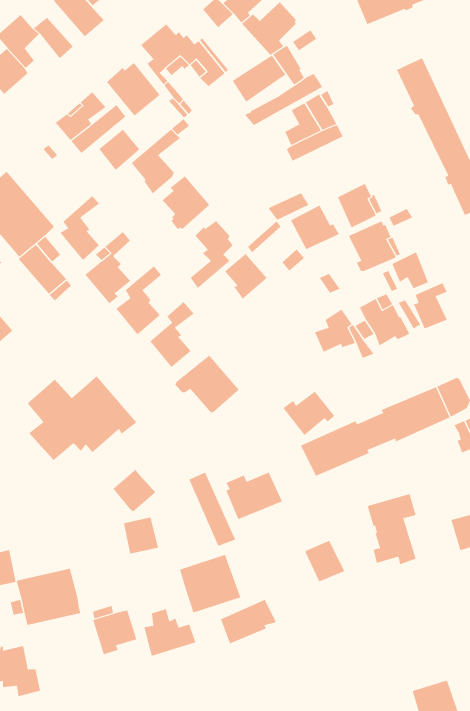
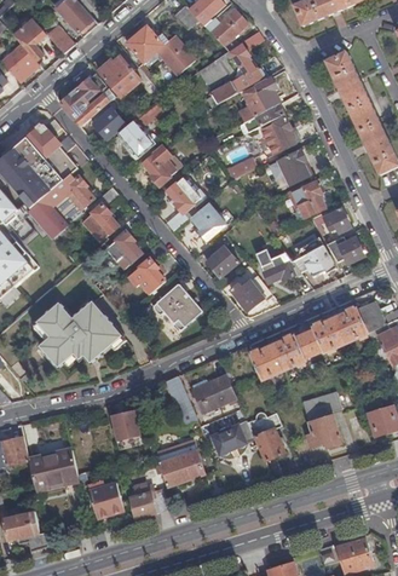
building: none -> [21,123,77,184]
building: [290,205,340,250] -> [261,117,300,152]
building: none -> [204,246,237,277]
building: [282,391,335,436] -> [230,276,271,311]
building: [113,469,156,512] -> none
building: [220,599,276,644] -> [209,420,253,455]

